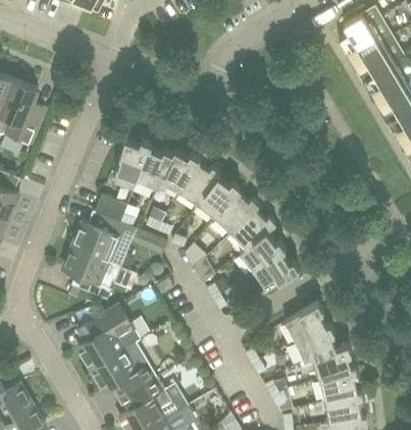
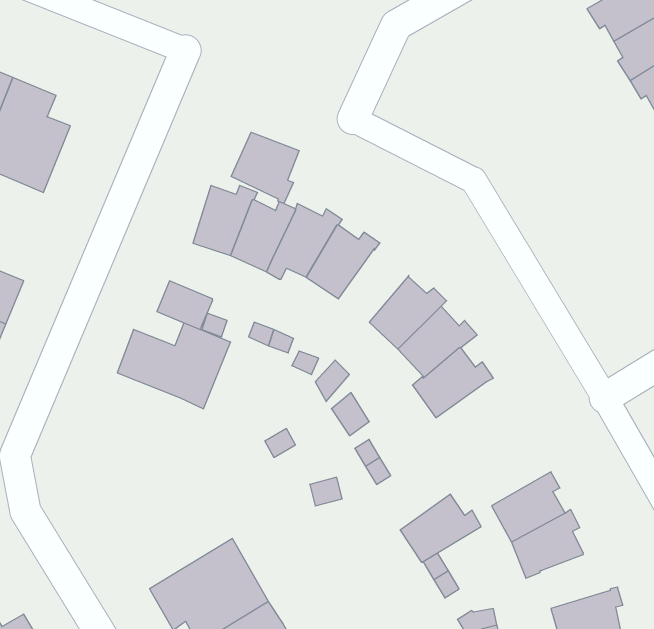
building: none -> [231,132,299,203]
building: [198,175,241,217] -> none
building: [62,246,113,300] -> none
building: [253,251,299,289] -> [400,494,481,562]
building: [75,306,138,368] -> none
building: [312,343,352,379] -> none

